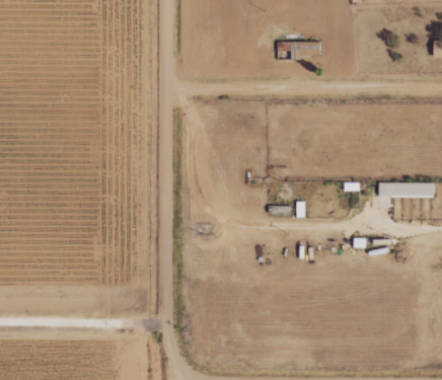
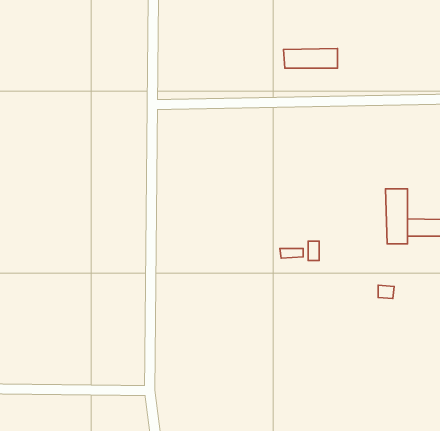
building: none -> [385,189,408,244]

